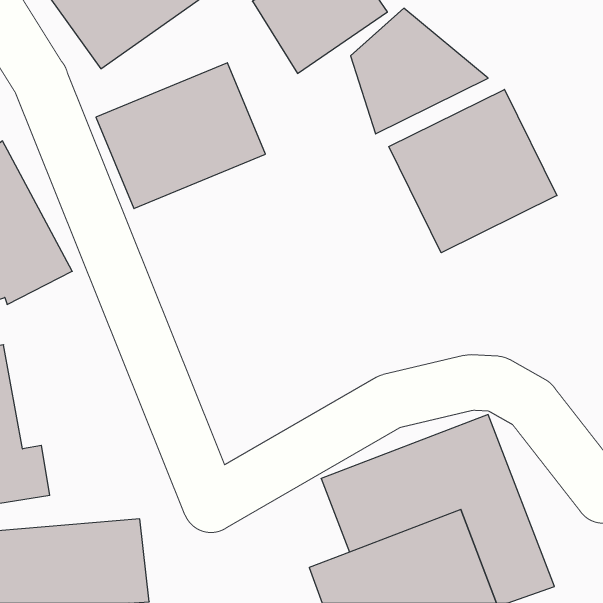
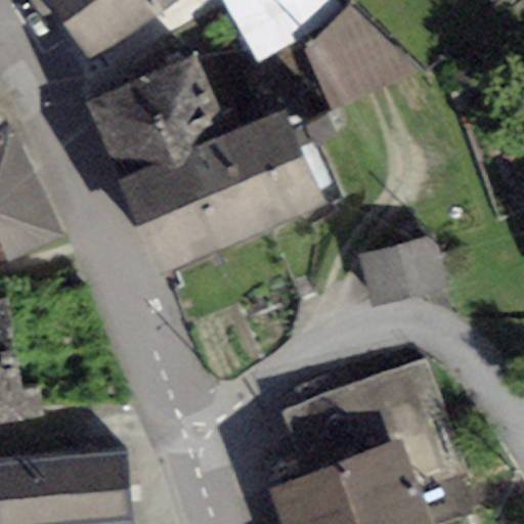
building: [389,89,557,253] -> none
building: none -> [116,110,324,273]
building: none -> [356,234,451,308]

